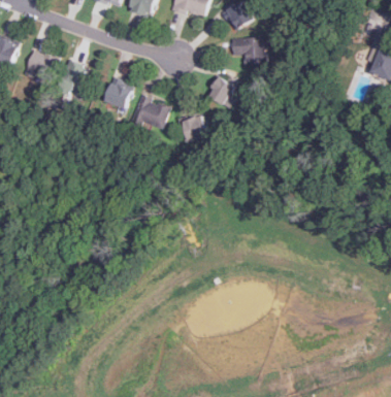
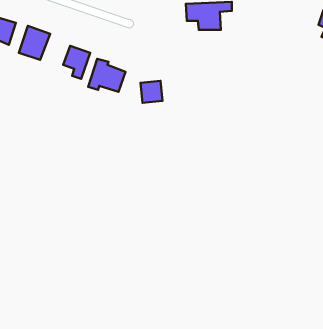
building: [206,71,236,107] -> none

